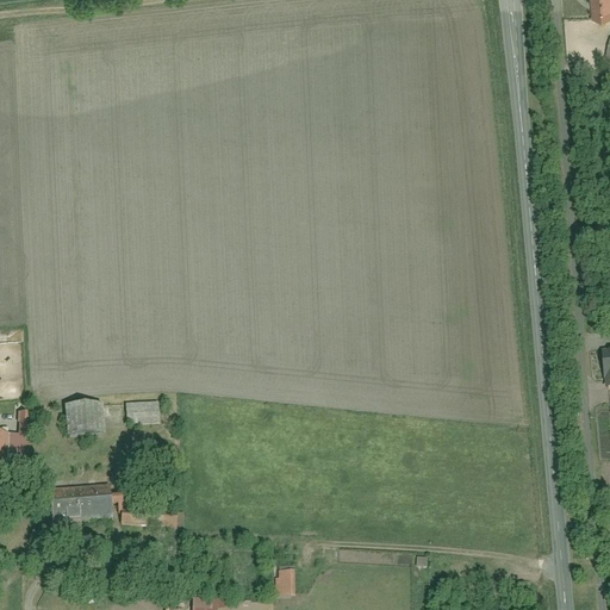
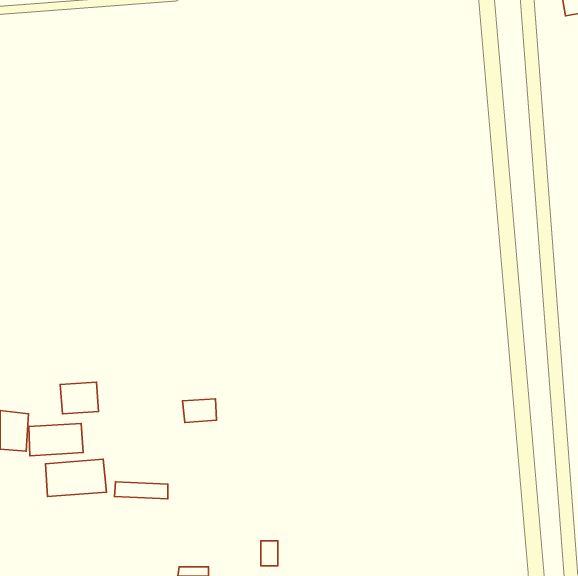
building: [125,399,161,424] -> [182,399,216,423]
building: none -> [29,423,83,456]

